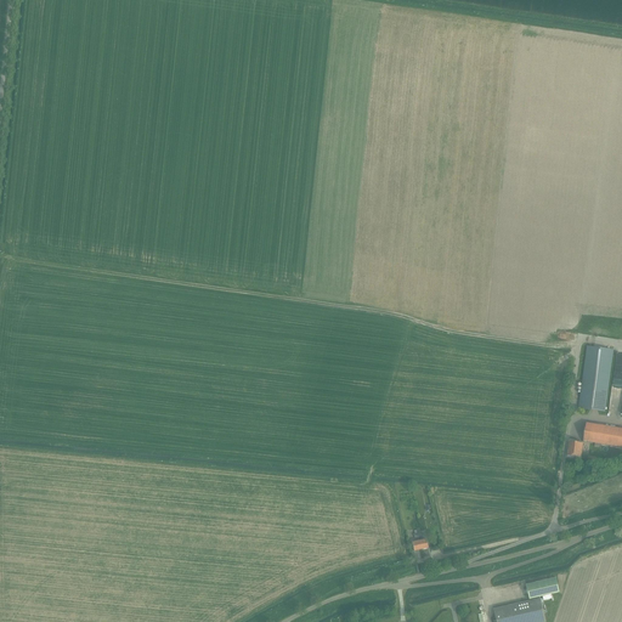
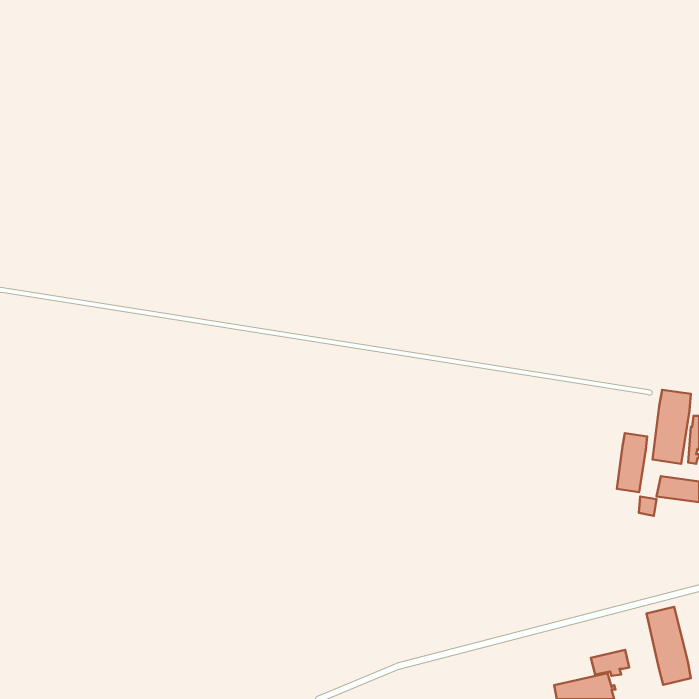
building: none -> [617,433,647,492]
building: none -> [646,607,691,685]

